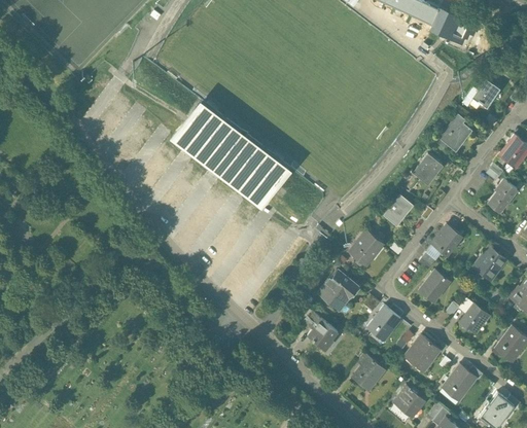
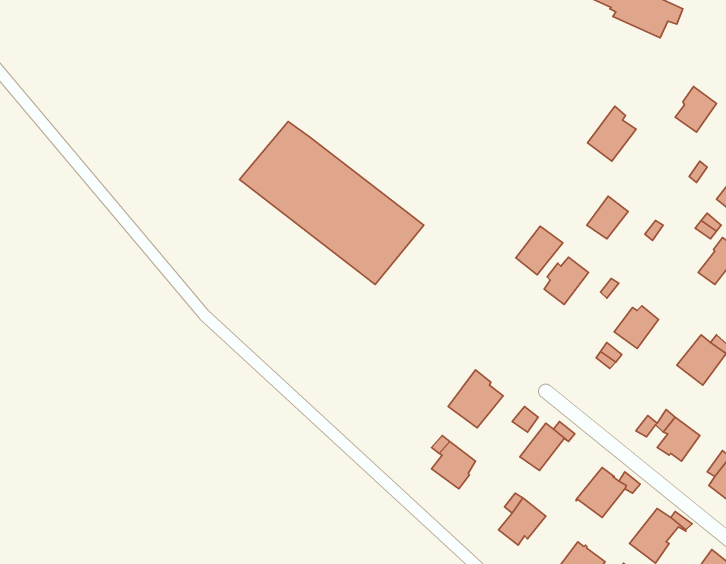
building: [438,114,471,151] -> [587,106,636,161]
building: [350,231,382,264] -> [516,226,563,275]
building: [419,271,449,300] -> none

